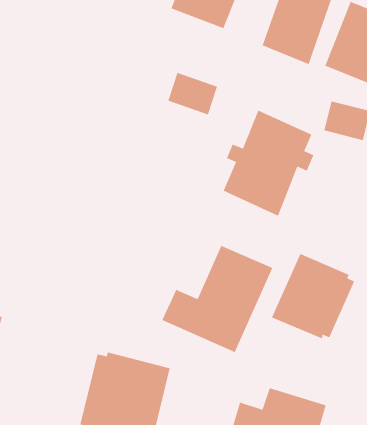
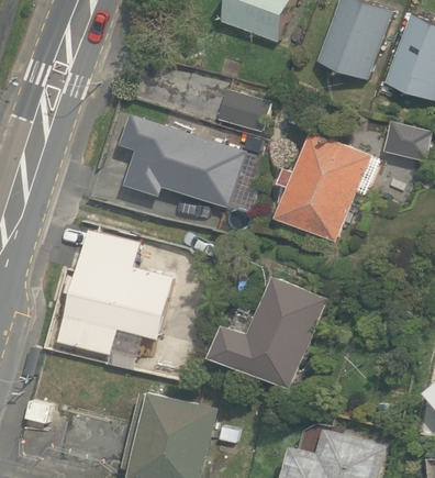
building: none -> [119,113,246,209]
building: none -> [57,231,172,358]
building: [271,253,355,339] -> none

